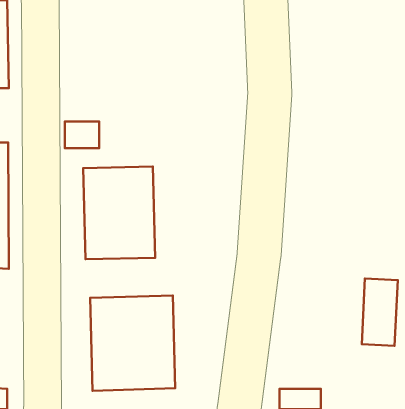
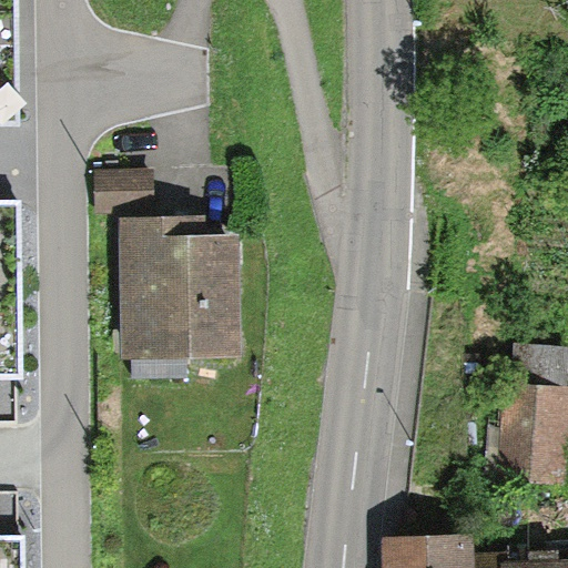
building: [90,295,175,391] -> none

